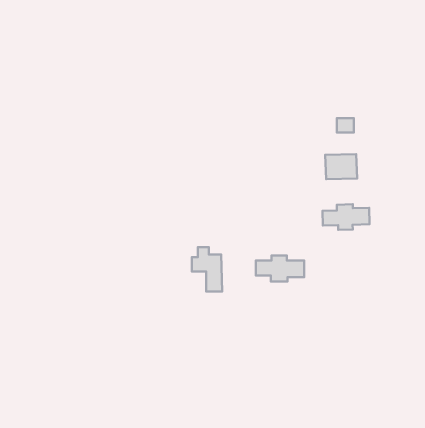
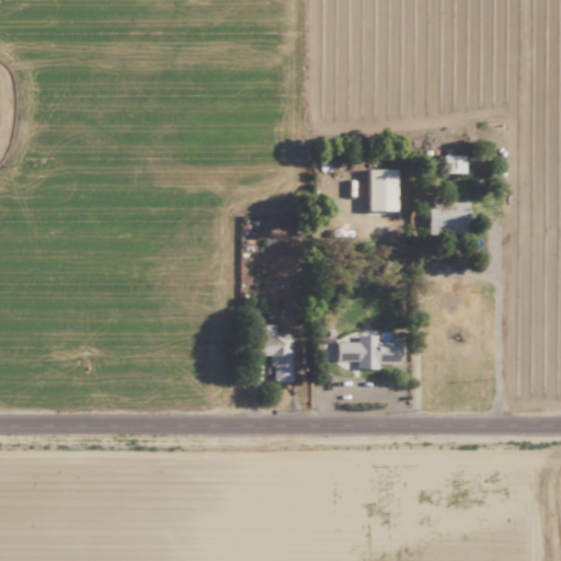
building: none -> [369,168,398,210]
building: [323,204,369,230] -> none

